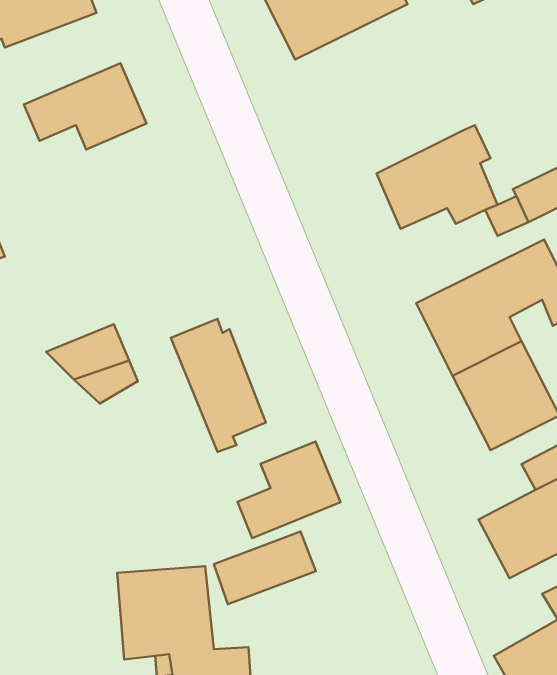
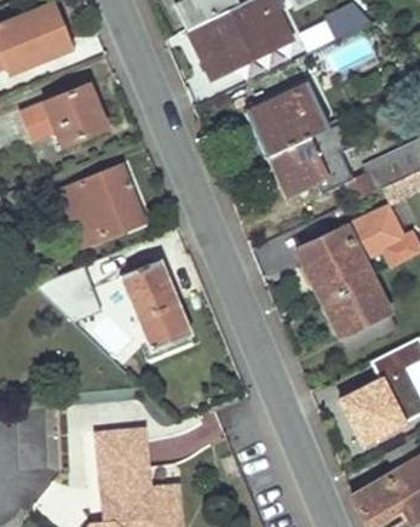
building: none -> [248,86,329,159]
building: none -> [64,166,140,244]
building: [237,441,340,538] -> none

